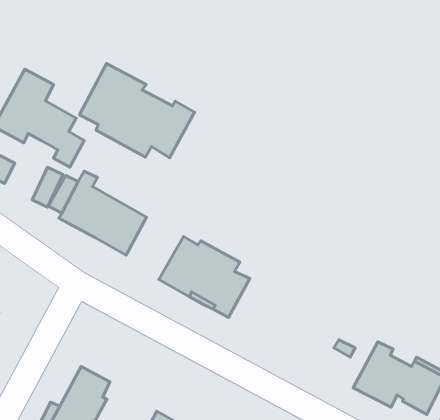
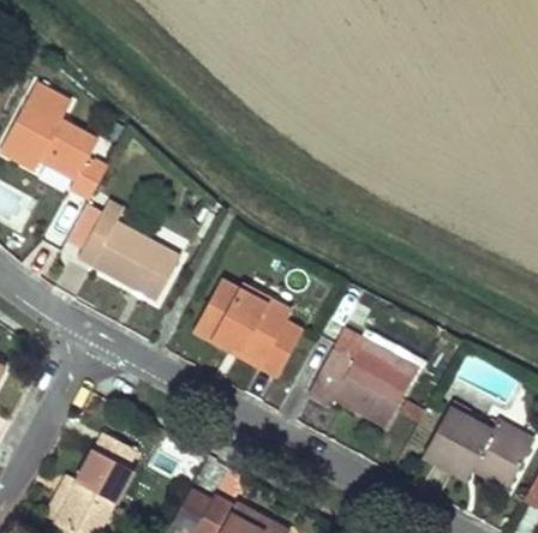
building: [80,63,195,158] -> none
building: none -> [309,312,420,426]

